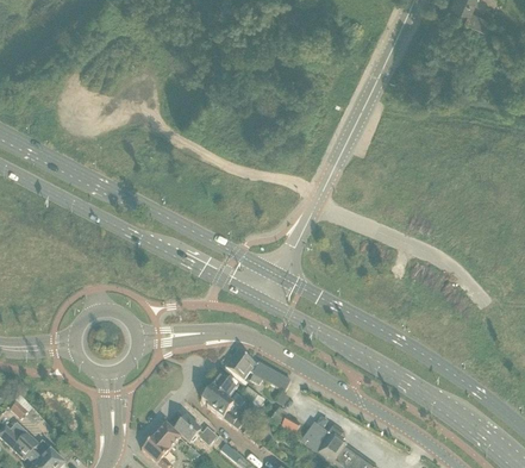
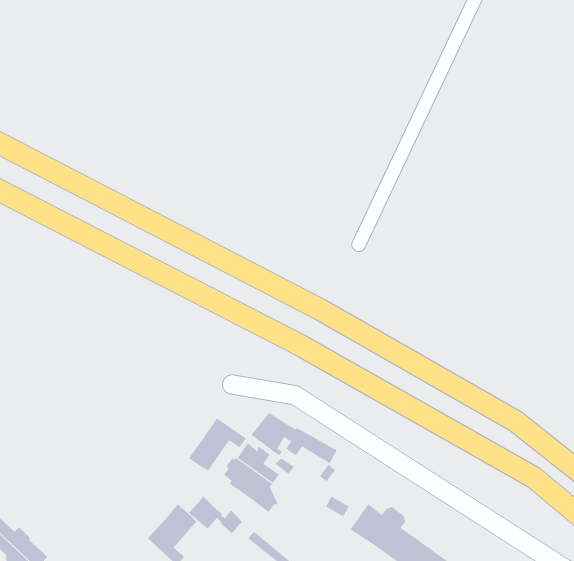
building: none -> [188,418,247,471]

